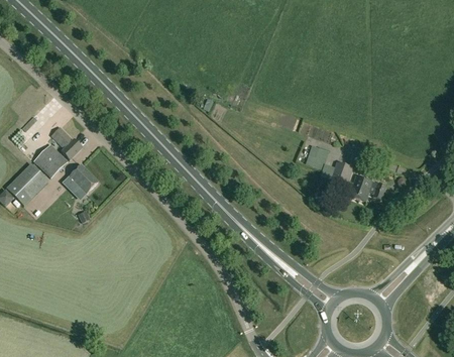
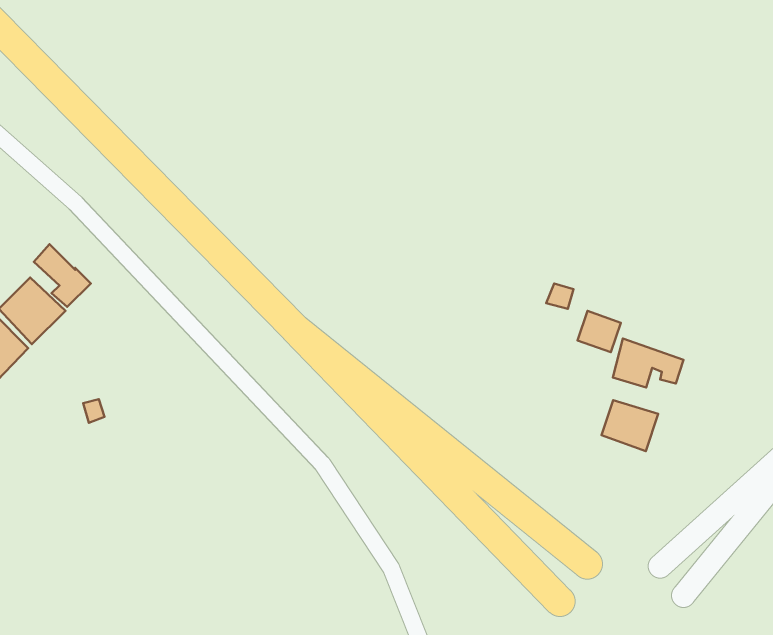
building: [68,165,97,195] -> none
building: none -> [602,400,658,451]

